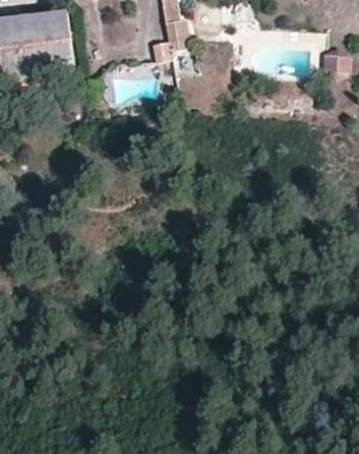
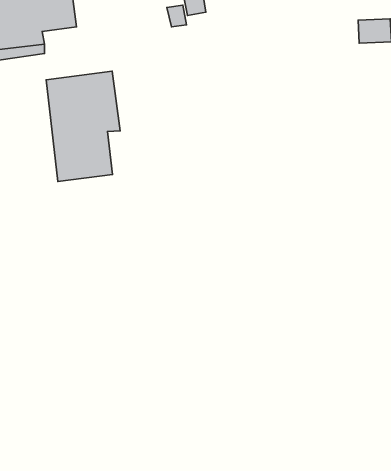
building: none -> [46,71,120,181]

